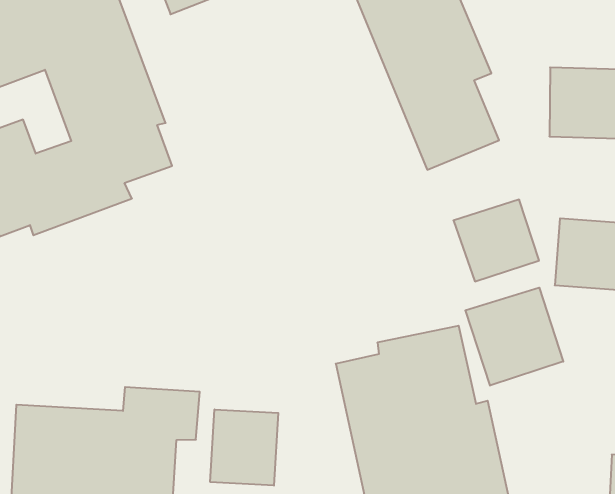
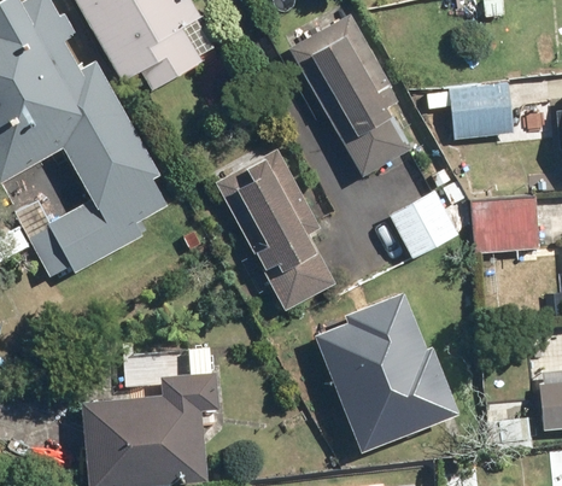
building: none -> [215,147,336,310]
building: [465,288,563,386] -> none
building: [210,409,278,486] -> none

